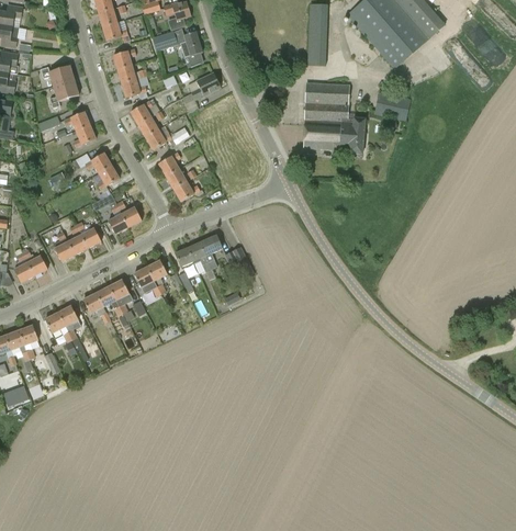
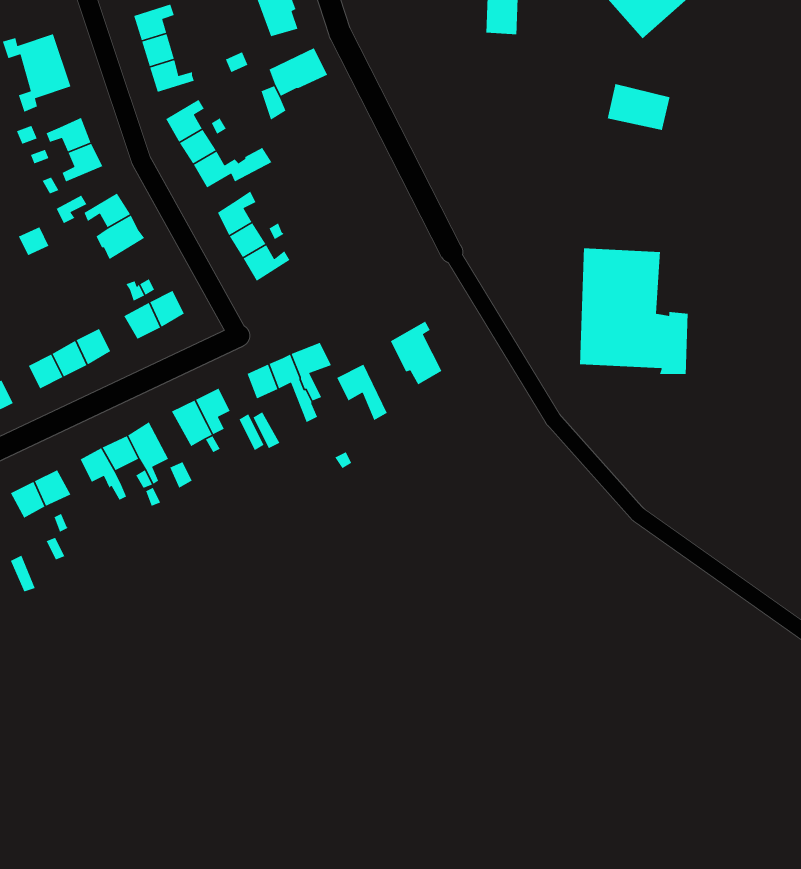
building: [304,82,364,152] -> [579,247,689,375]
building: none -> [390,321,442,386]

